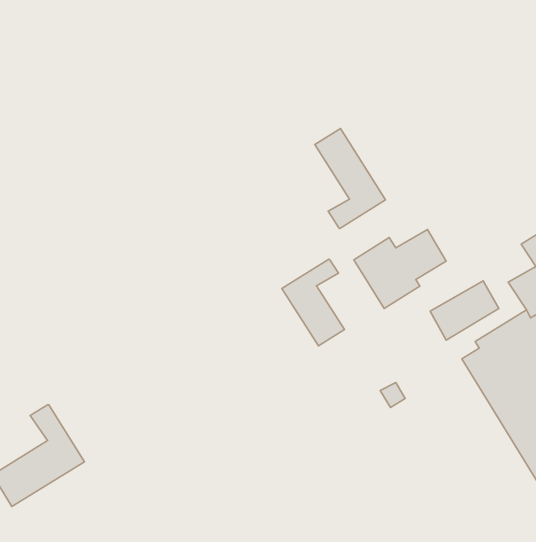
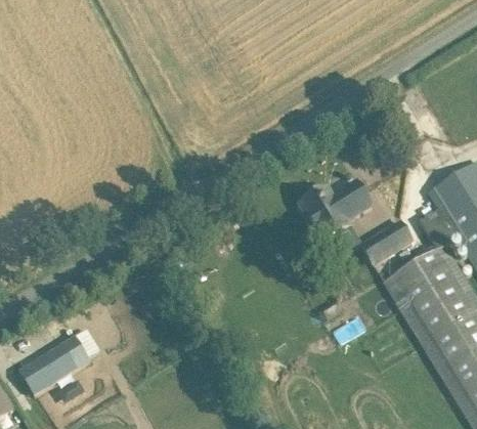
building: [315,129,386,228] -> none
building: [282,259,345,346] -> none

